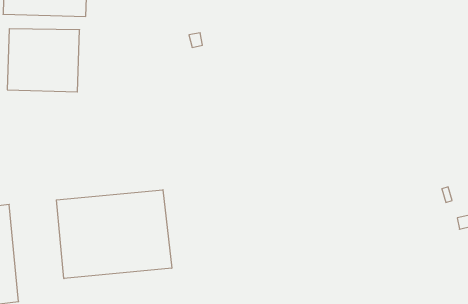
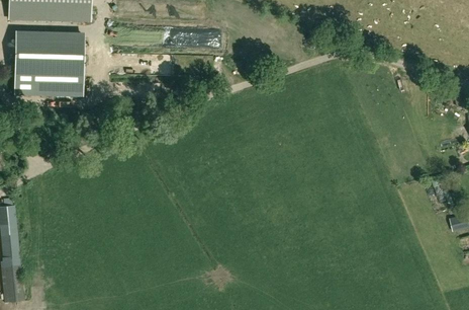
building: [56,190,172,279] -> none

